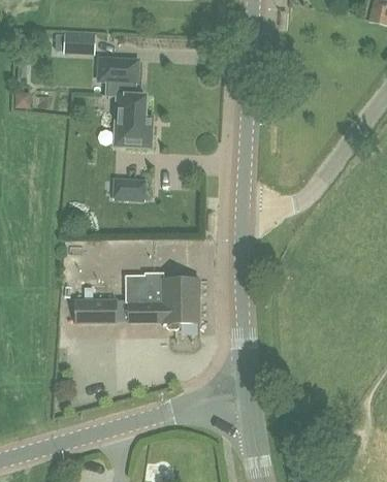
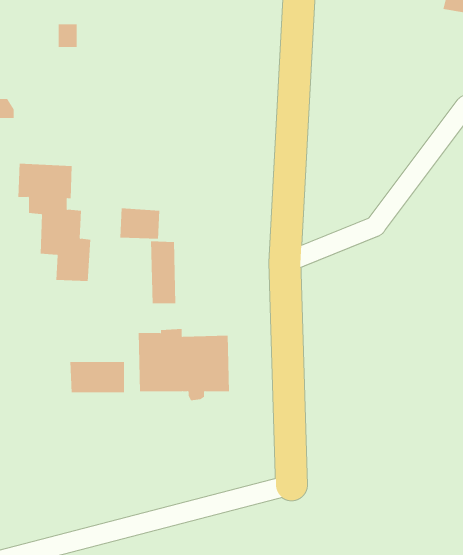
building: [96,56,154,149] -> [17,163,91,282]
building: none -> [151,240,176,304]

